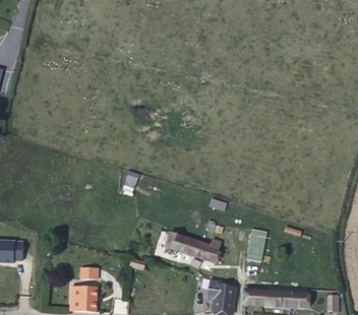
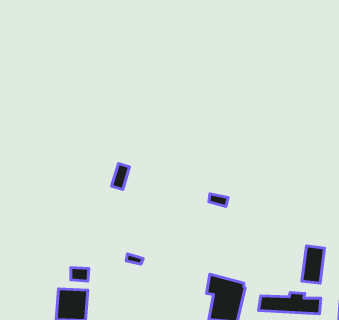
building: [246,229,266,262] -> [302,246,325,283]
building: [170,230,224,260] -> none

